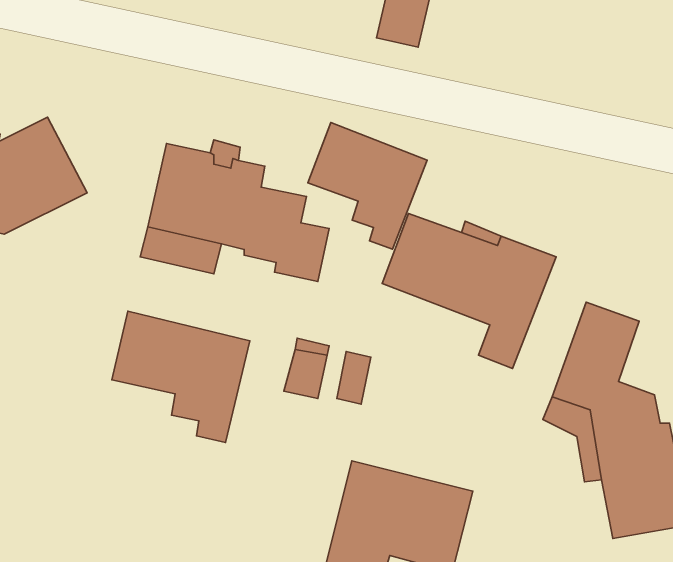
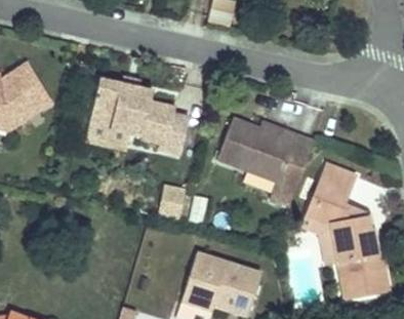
building: [308,123,427,249] -> none
building: [112,311,250,442] -> none

